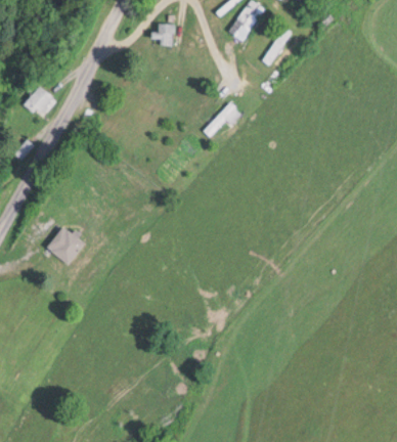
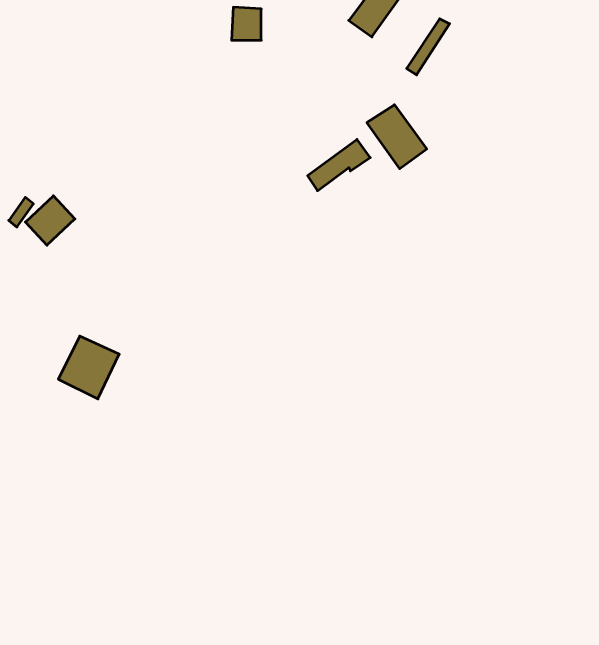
building: none -> [367,105,427,169]
building: [24,87,54,118] -> [25,196,75,245]

